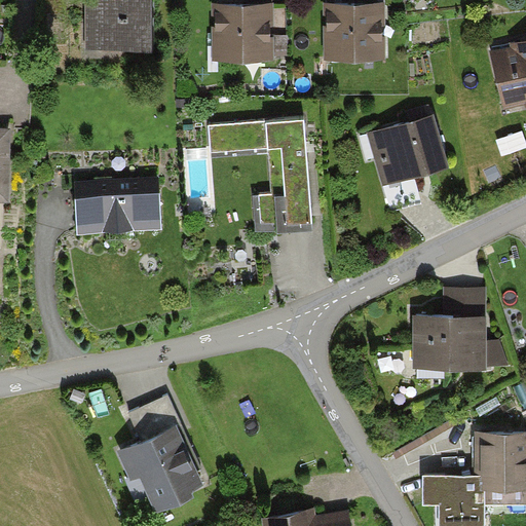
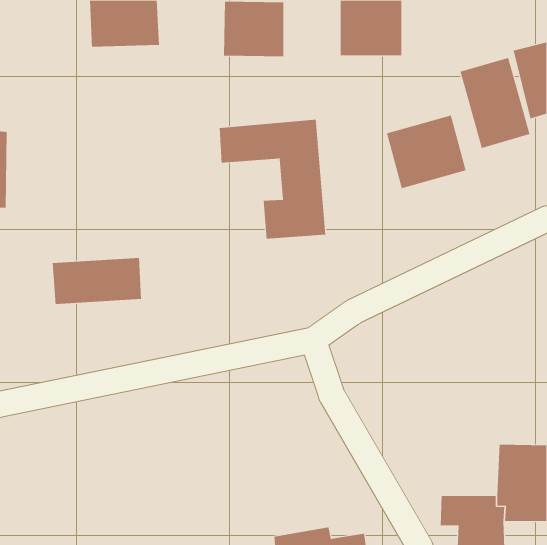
building: none -> [460,57,530,149]
building: [74,189,160,234] -> [52,257,142,305]
building: [413,291,506,369] -> none
building: [115,396,208,511] -> none

